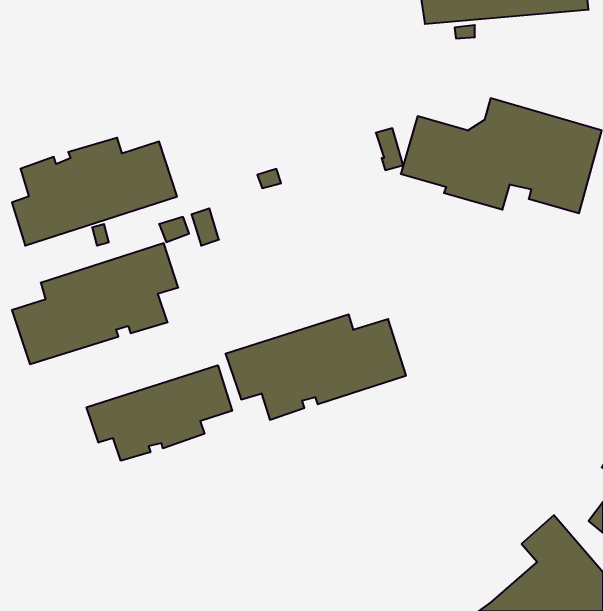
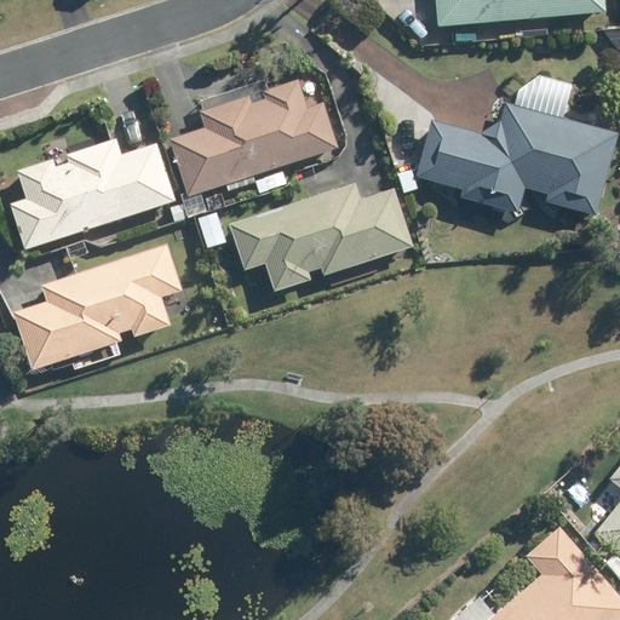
building: none -> [172,79,339,195]
building: [225,314,406,420] -> [230,186,413,293]
building: [87,365,232,461] -> none

